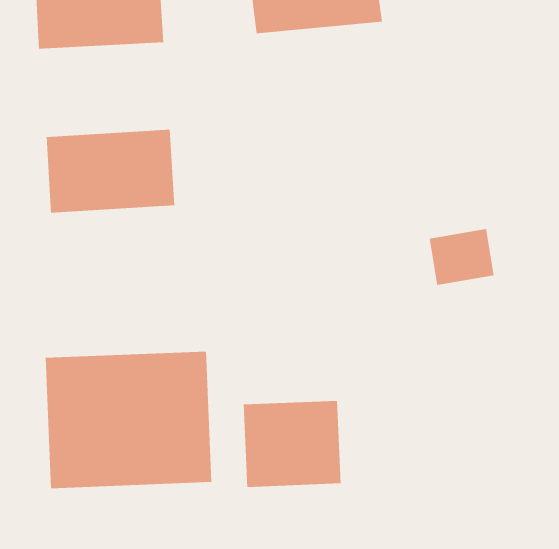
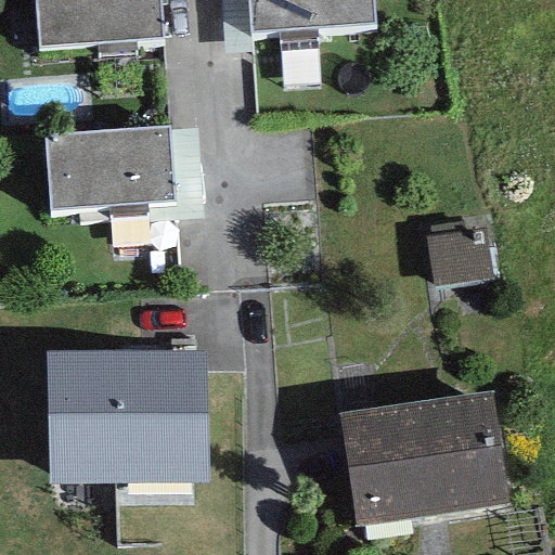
building: none -> [340,395,507,525]
building: [243,400,341,488] -> none

